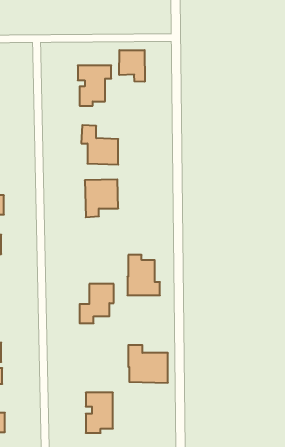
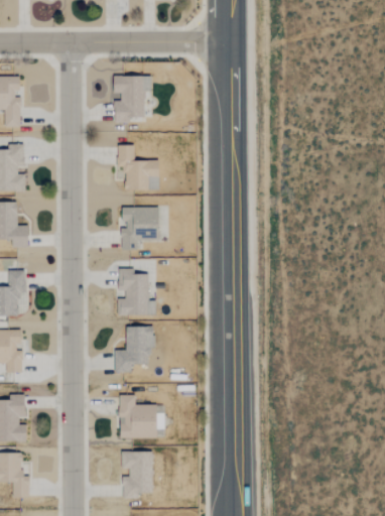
building: [119,50,145,82] -> none
building: [127,255,160,295] -> [118,268,155,314]
building: [128,345,168,383] -> [119,395,164,438]

